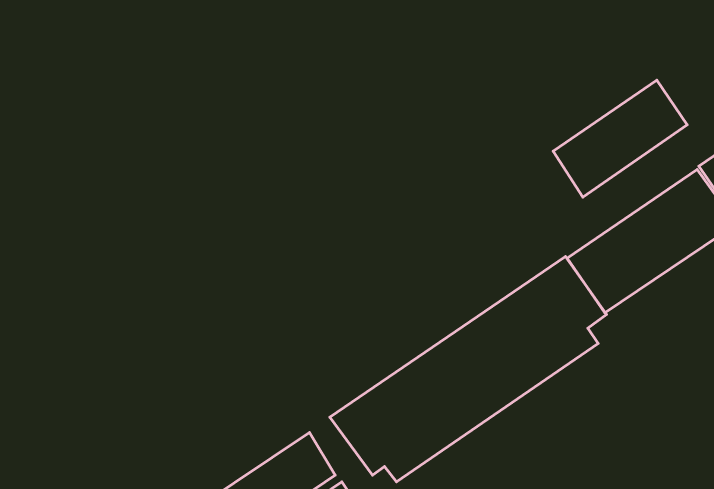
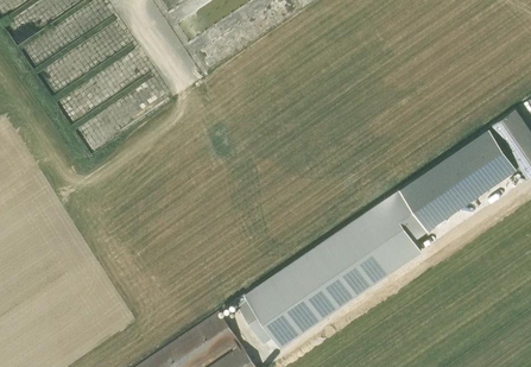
building: [553,80,687,197] -> none

